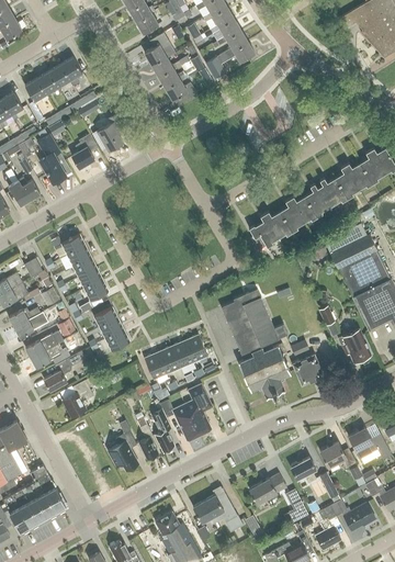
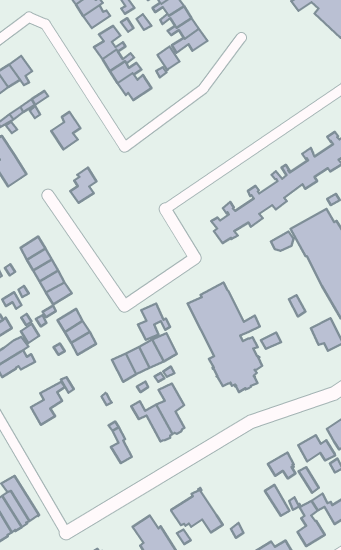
building: [71,134,98,168] -> [70,167,97,203]
building: none -> [138,303,170,340]
building: [44,351,86,391] -> none
building: [292,355,324,385] -> none
building: [151,411,174,451] -> none
building: [108,420,138,471] -> none
building: [249,474,286,508] -> none

